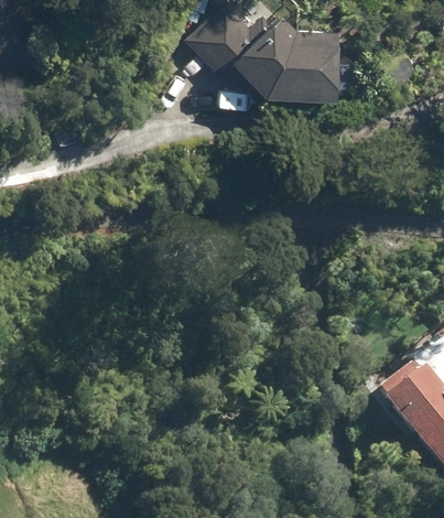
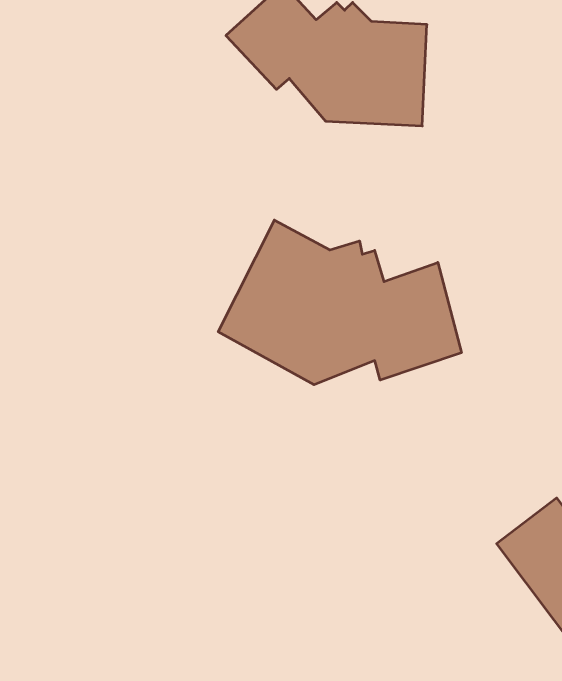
building: none -> [218,220,461,385]

